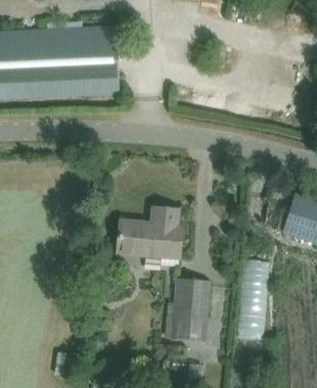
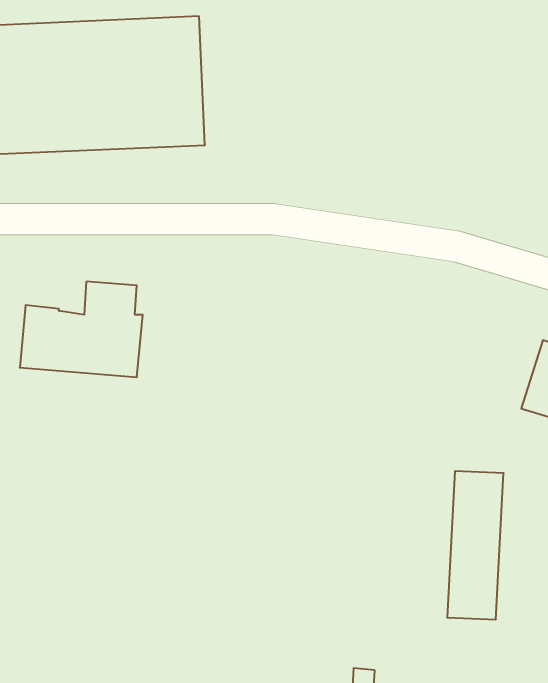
building: [115,208,179,258] -> [20,282,143,377]
building: [169,279,207,342] -> none

